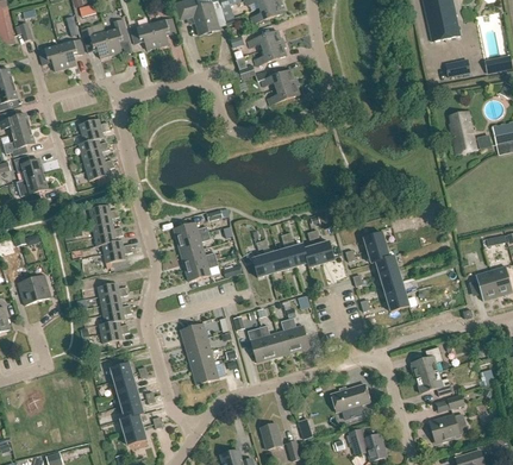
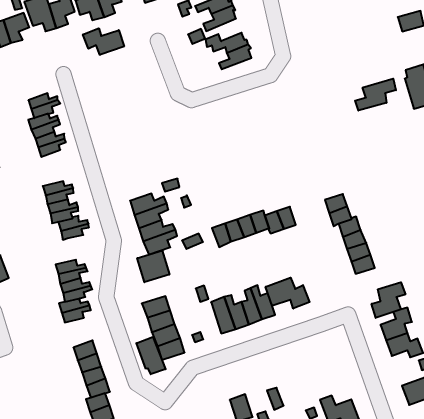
building: none -> [83,28,124,55]
building: none -> [355,79,396,111]
building: none -> [137,250,169,282]
building: none -> [266,278,310,309]
building: none -> [372,282,405,318]
building: none -> [136,337,166,374]
building: [330,383,369,417] -> none

